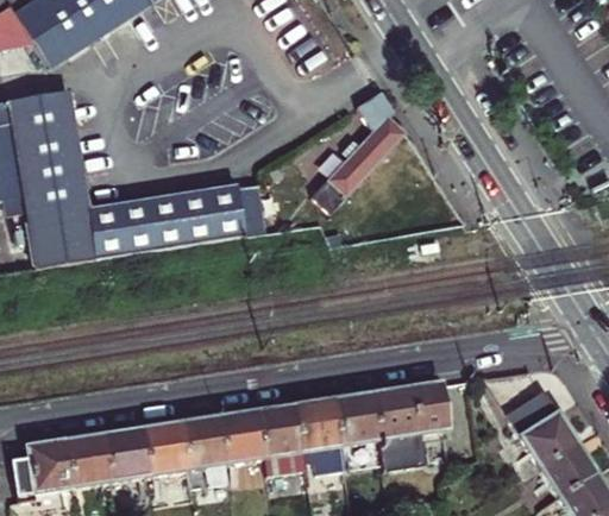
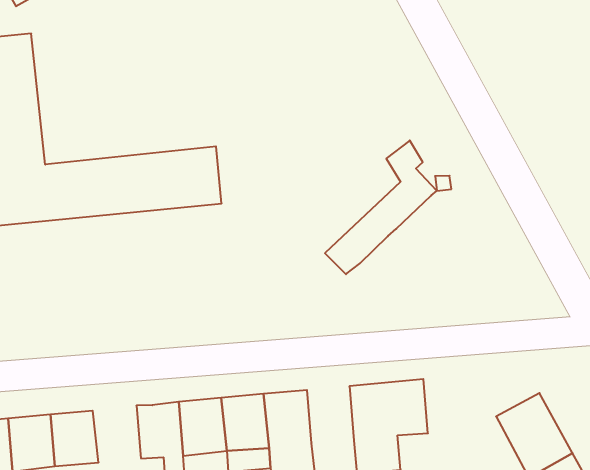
building: [310,86,408,210] -> [325,140,437,274]
building: [334,391,379,445] -> none
building: [142,421,188,474] -> none

